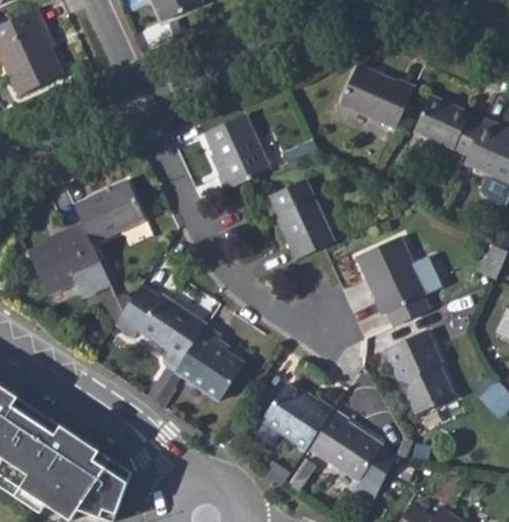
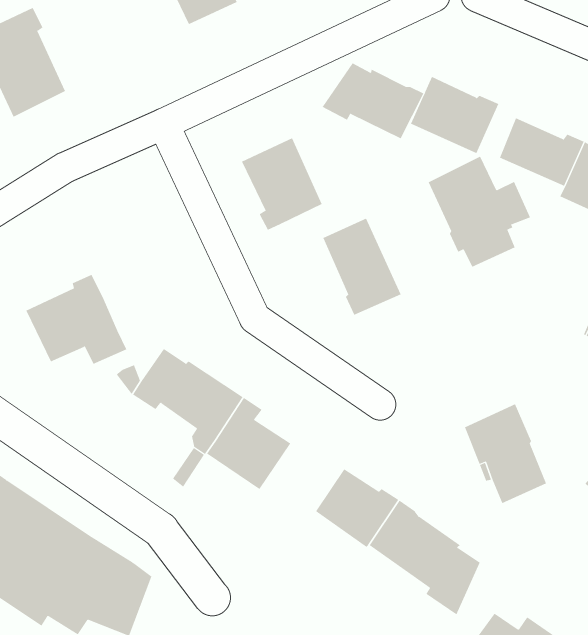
building: none -> [322,62,424,139]
building: [73,181,144,246] -> none
building: [359,236,443,326] -> [428,156,531,268]

